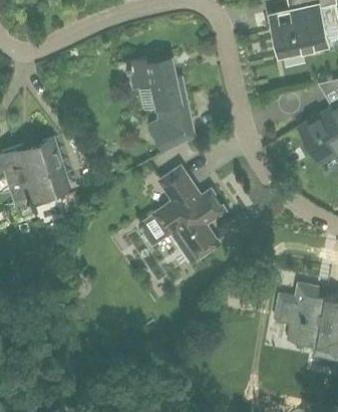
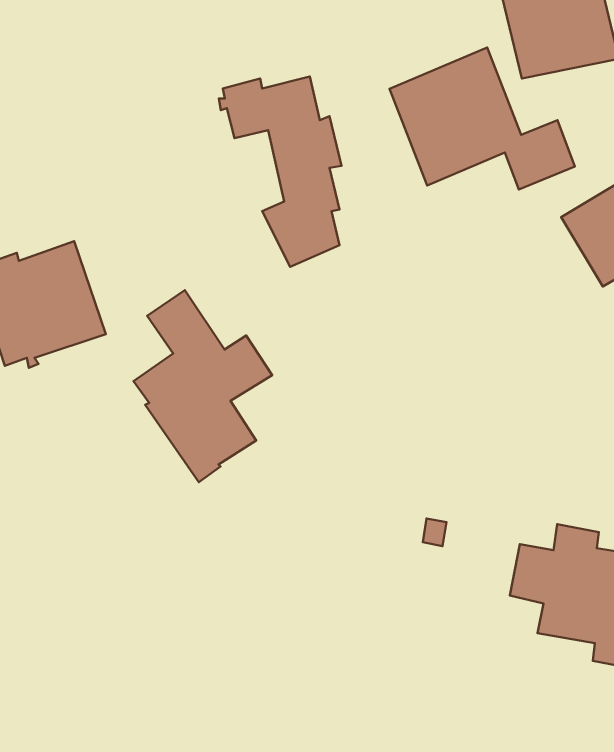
building: none -> [390,47,575,190]
building: [154,168,225,265] -> [133,290,272,482]

